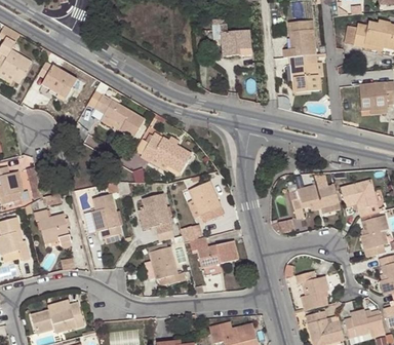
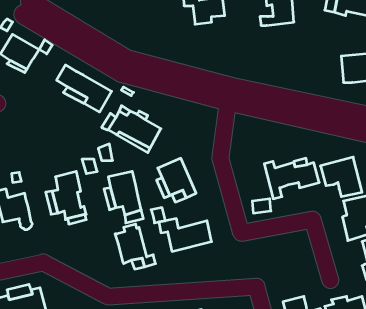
building: [289,53,319,92] -> none
building: [294,270,328,310] -> none

